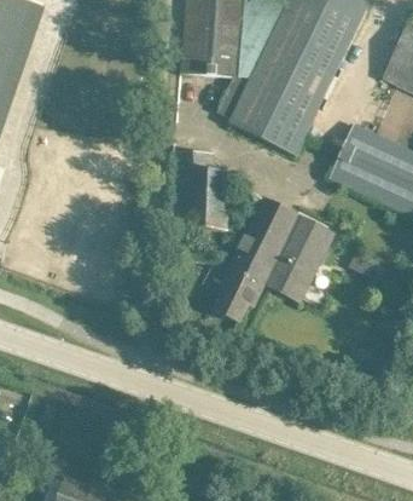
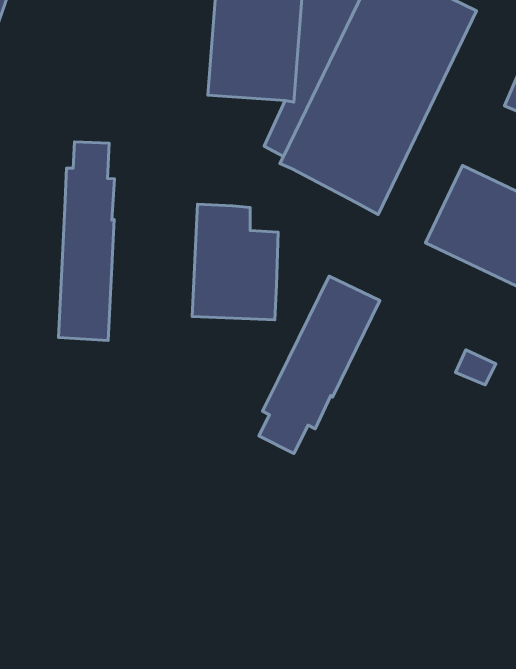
building: none -> [58,142,114,341]
building: [266,217,333,300] -> none

